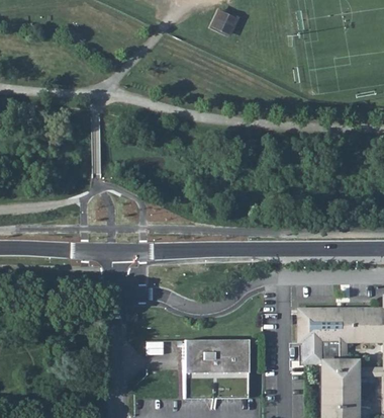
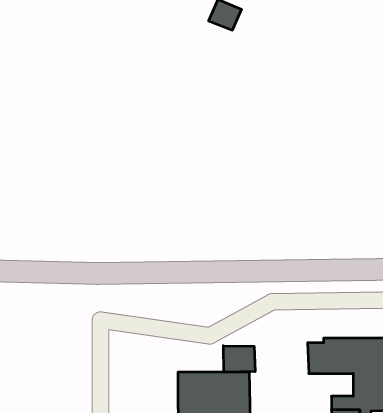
building: none -> [223,346,255,372]
building: [305,340,341,360] -> none

